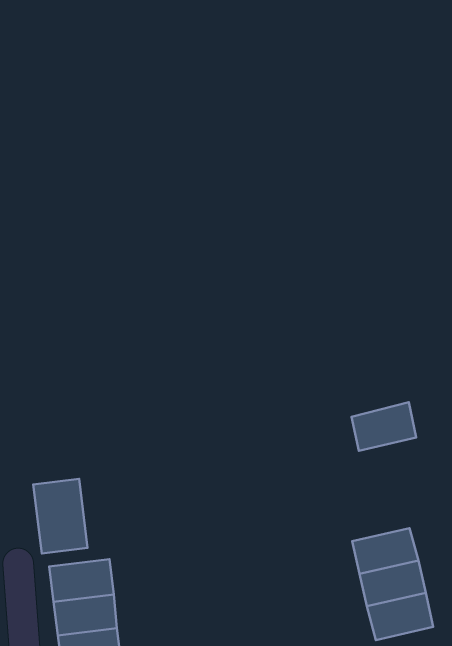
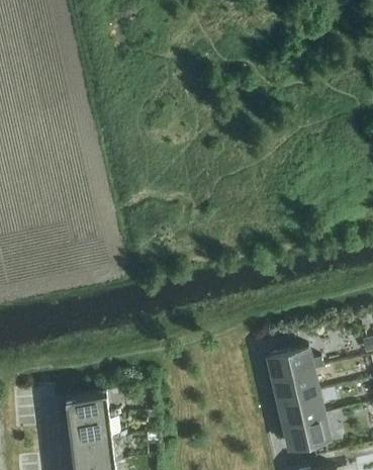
building: [352,402,416,451] -> [269,347,313,380]
building: [33,479,88,553] -> none

